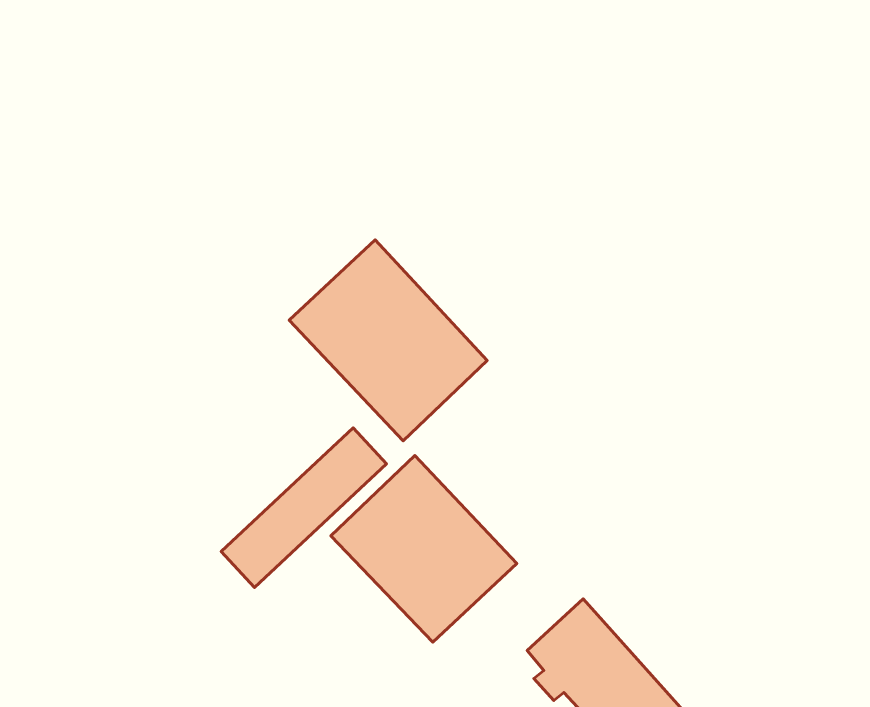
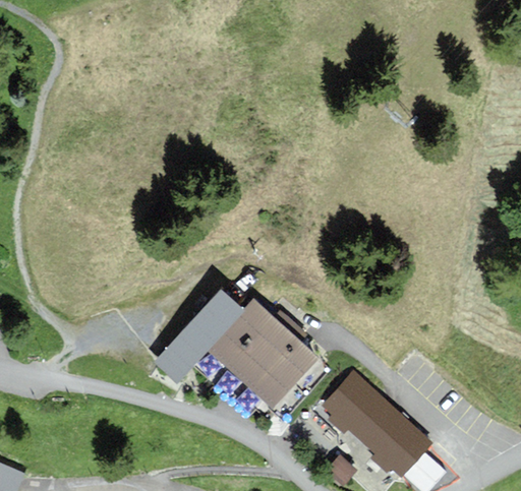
building: [289,240,487,441] -> none

